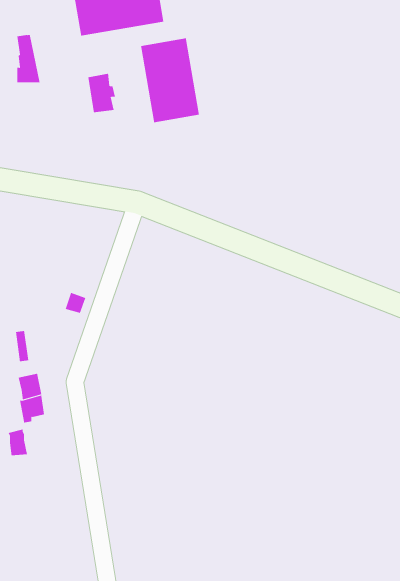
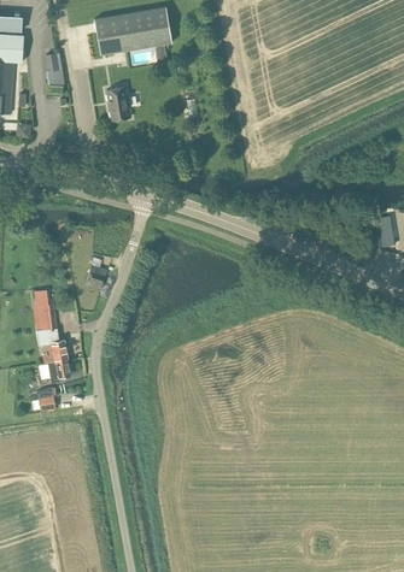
building: [141,38,199,123] -> none

